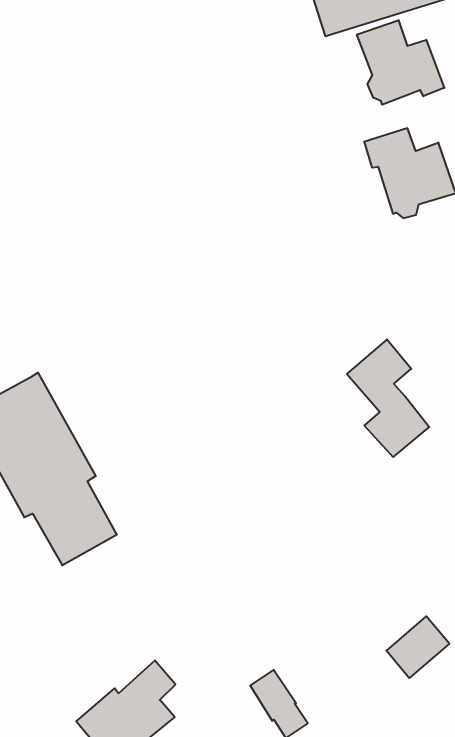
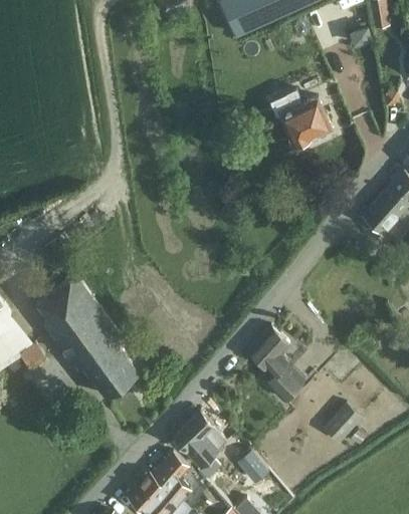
building: [357,20,444,105] -> none
building: [347,339,429,457] -> [248,326,305,402]
building: none -> [174,412,227,467]

